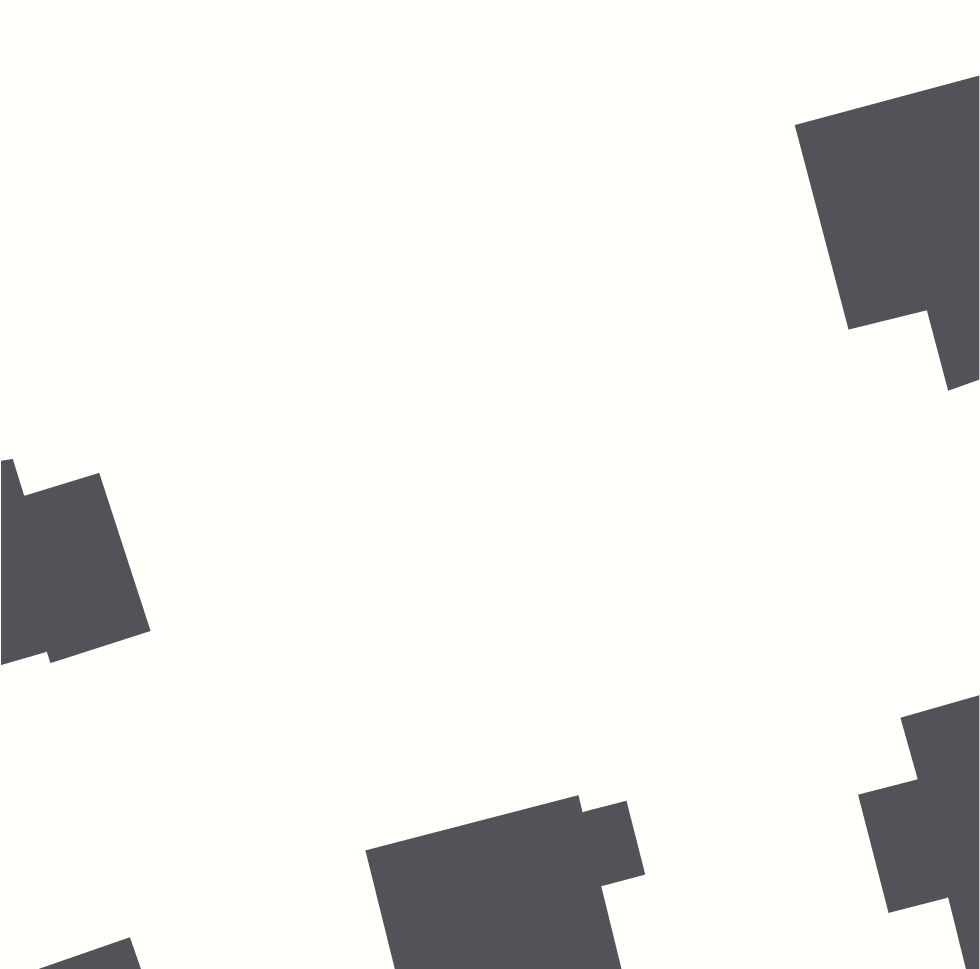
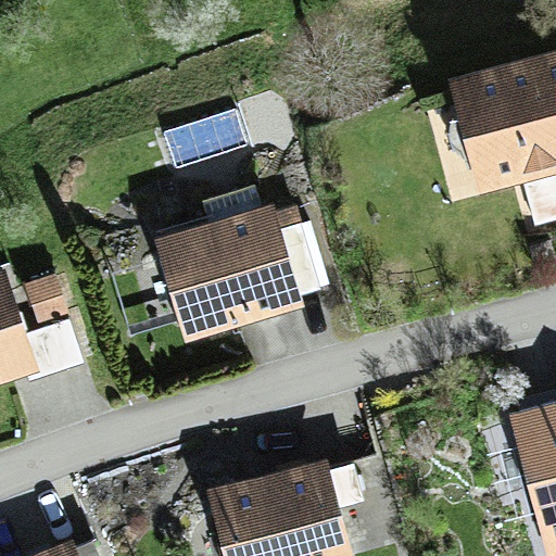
building: none -> [154,201,331,341]

